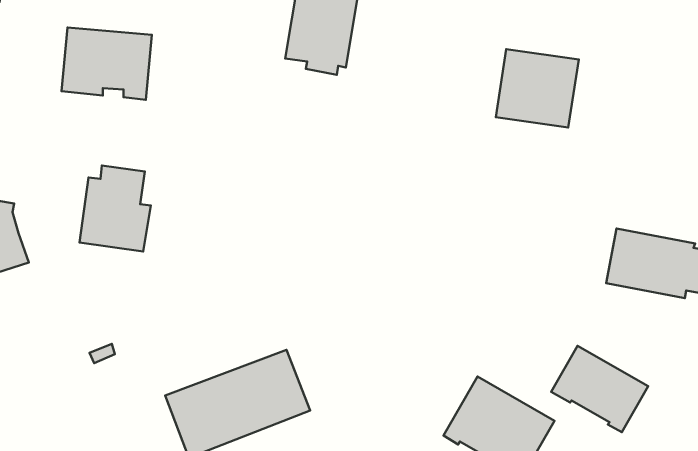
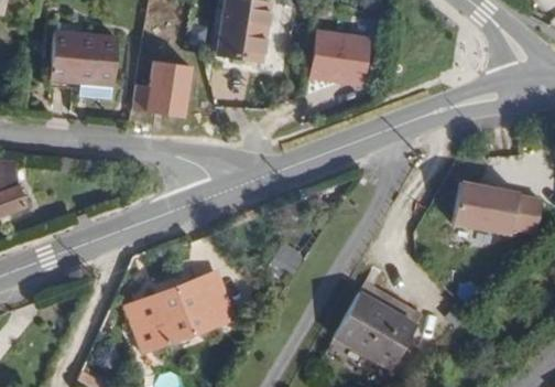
building: [496,49,579,128] -> [305,29,367,87]
building: [80,166,151,251] -> [142,60,195,123]
building: [551,346,648,432] -> none

